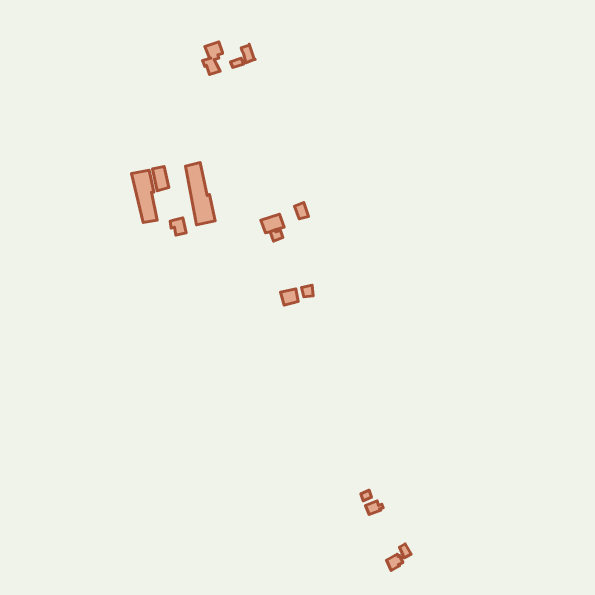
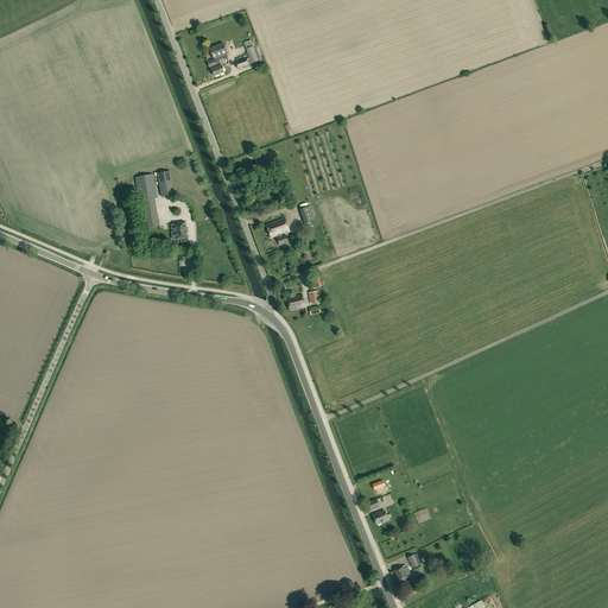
building: [185,162,215,225] -> none

